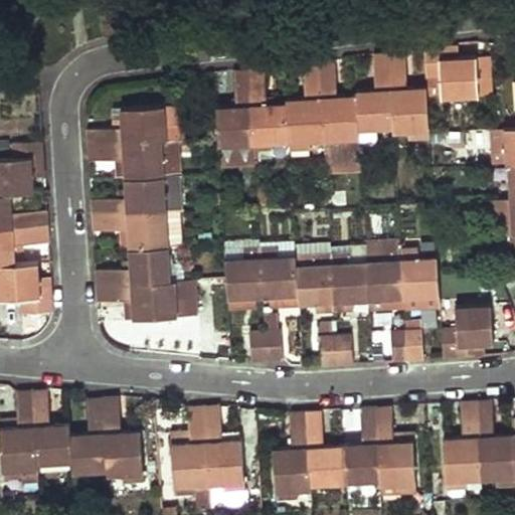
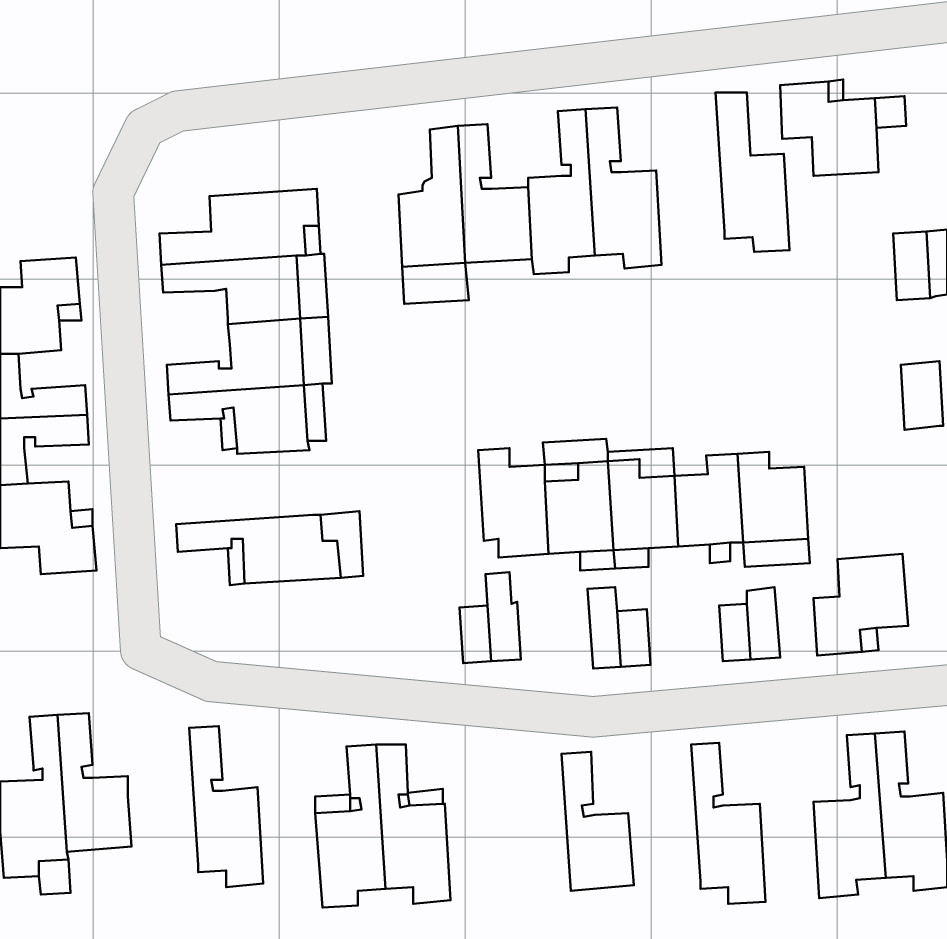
building: [356,54,393,132] -> none
building: [95,248,170,289] -> none
building: [225,248,263,310] -> none
building: [69,399,108,476] -> none
building: [341,408,380,485] -> none
building: [272,413,310,503] -> none

